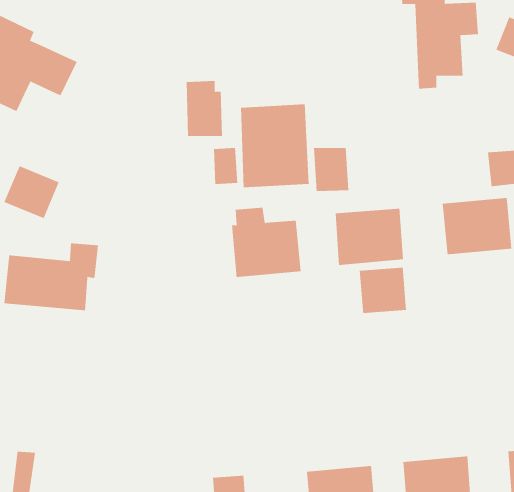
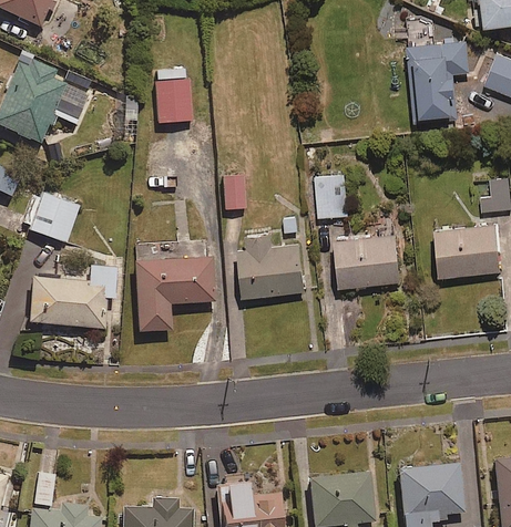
building: [186,81,223,137] -> [156,71,191,123]
building: [240,104,309,188] -> none
building: none -> [135,244,215,332]
building: [359,267,406,314] -> none

